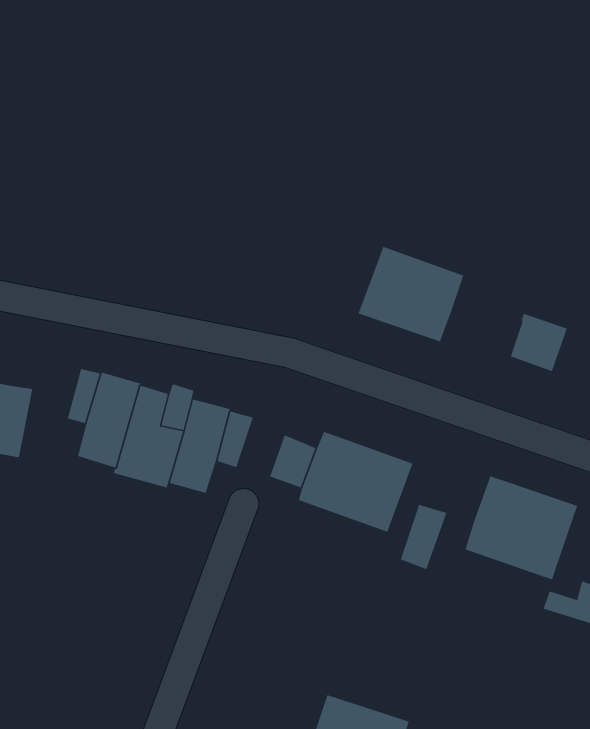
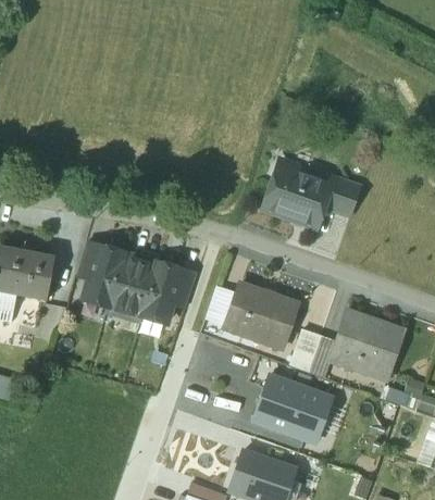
building: [510,313,568,372] -> [324,177,361,215]
building: none -> [308,335,337,377]
building: none -> [252,374,334,442]

